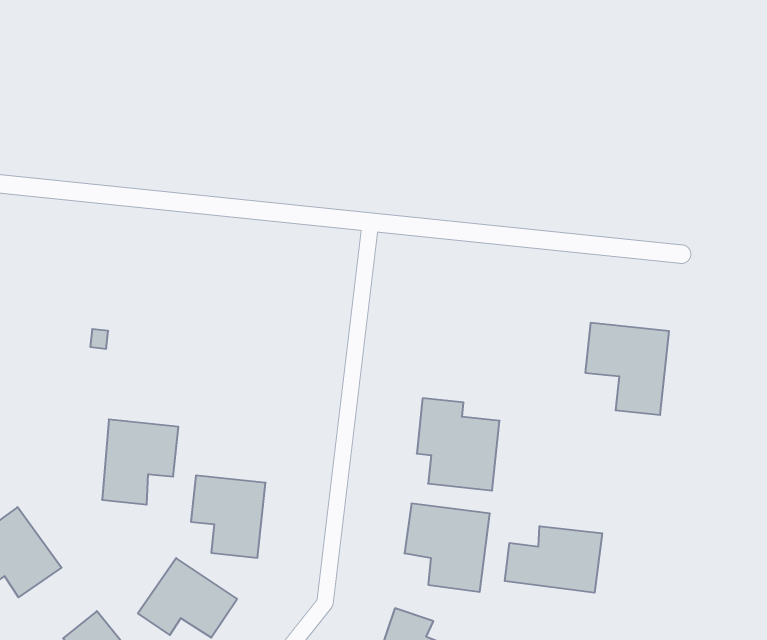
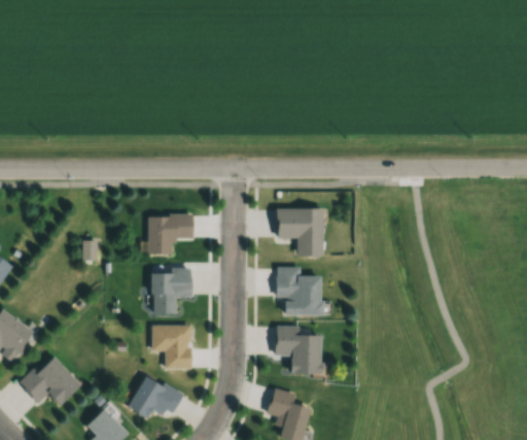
building: none -> [148,213,194,253]
building: [585,323,669,415] -> [278,208,323,257]
building: [102,419,178,505] -> [151,267,191,313]
building: [505,526,602,593] -> none

